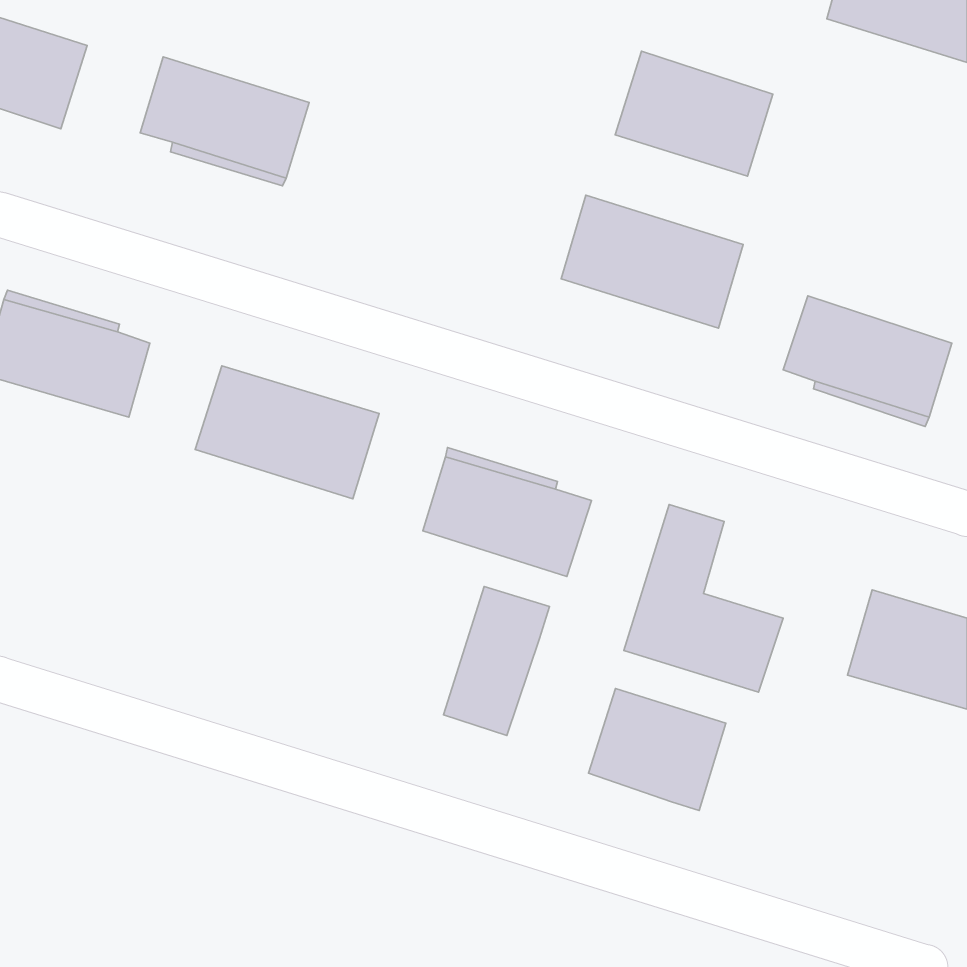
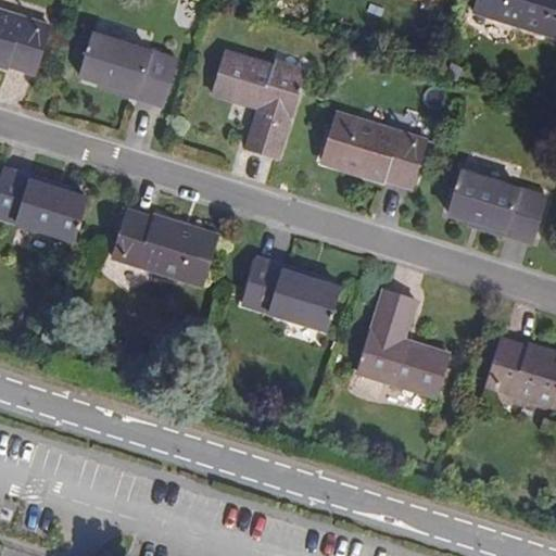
building: [615,51,773,176] -> none
building: none -> [213,51,303,156]
building: [444,587,550,735] -> none
building: [589,689,726,811] -> none

